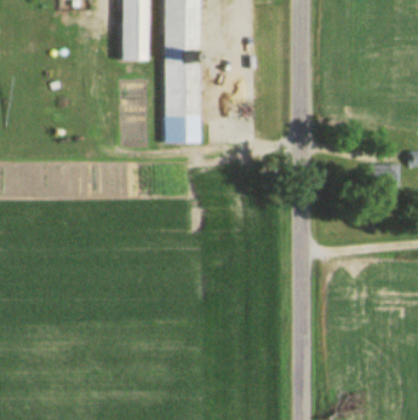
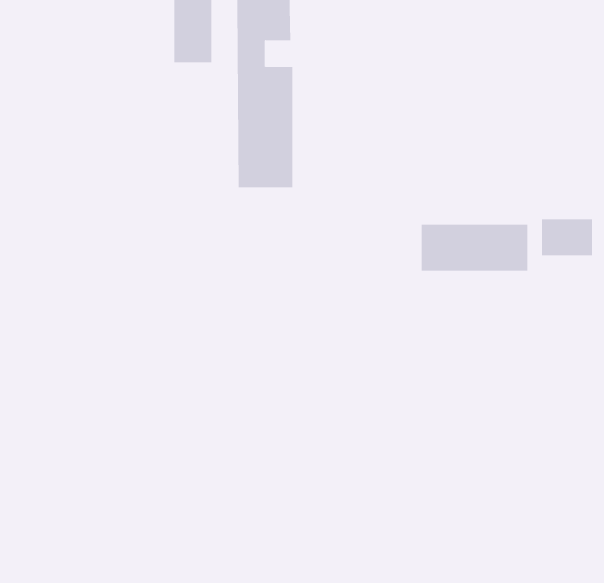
building: none -> [421,224,528,272]

